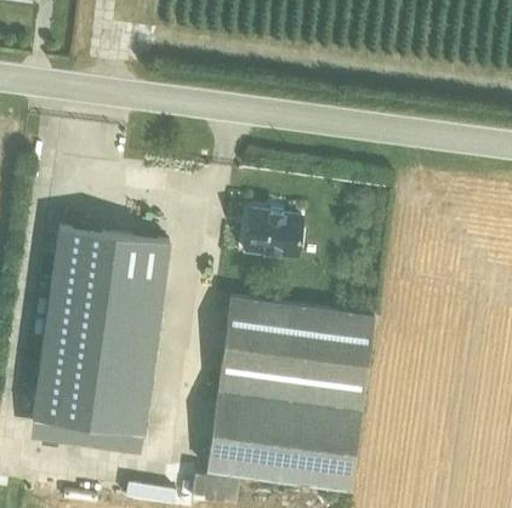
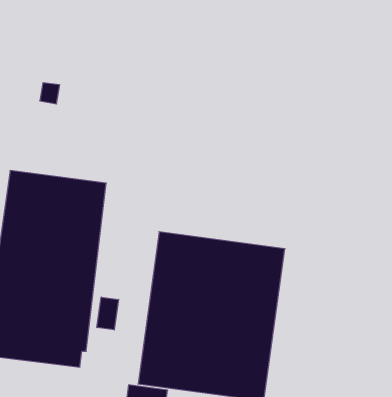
building: [245,206,306,257] -> none
building: none -> [97,297,119,330]

